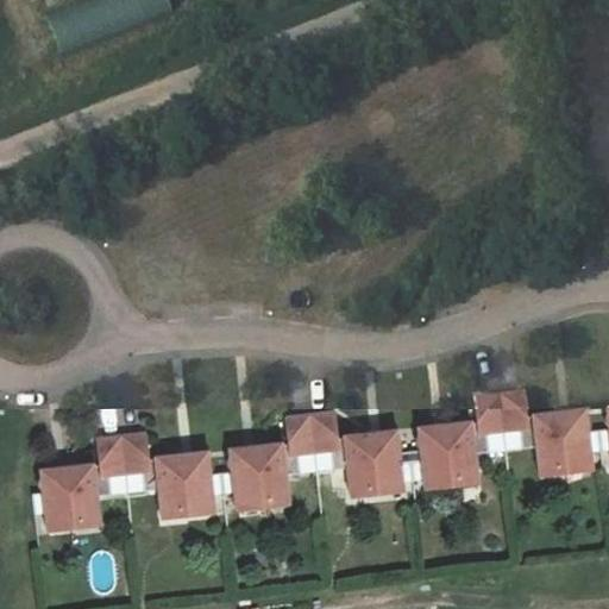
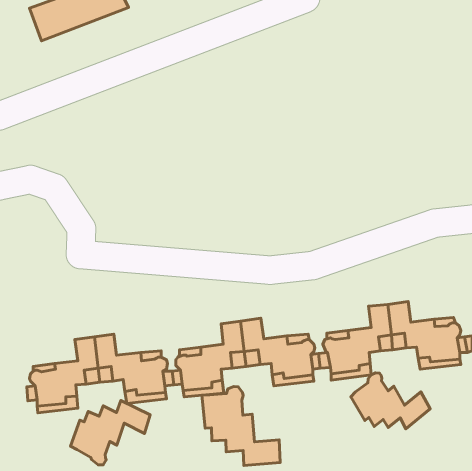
building: none -> [351,373,430,429]
building: none -> [202,387,280,465]
building: none -> [71,401,150,465]

